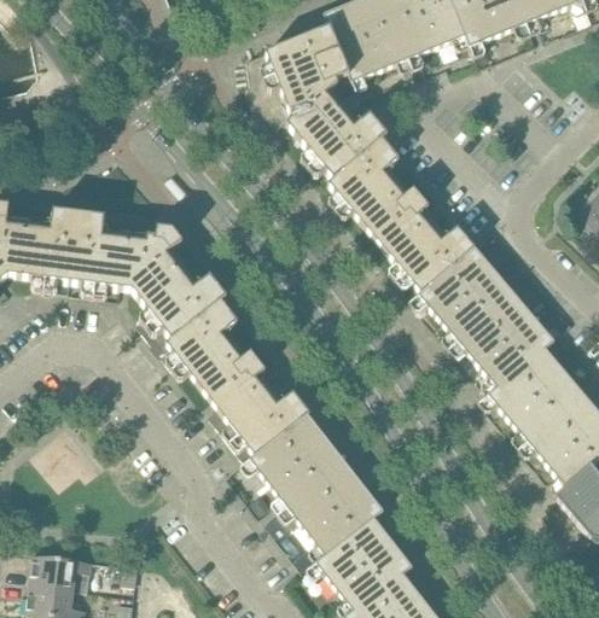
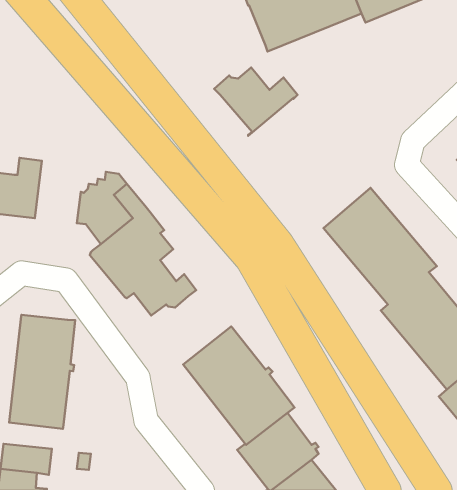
building: [244,25,349,127] -> none
building: [328,136,476,293] -> none
building: [71,212,136,287] -> none
building: [210,375,310,461] -> none
building: none -> [9,315,75,429]

